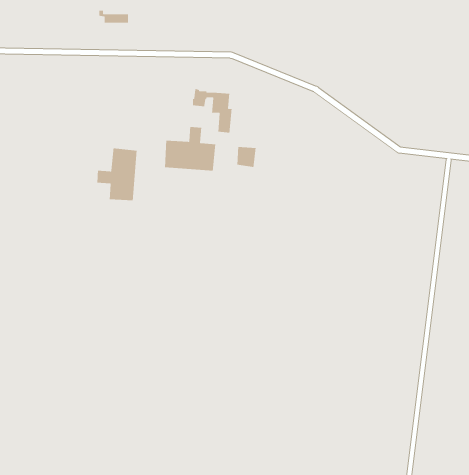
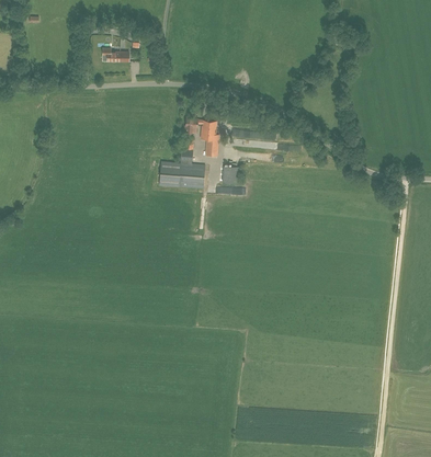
building: [96,147,138,201] -> none

